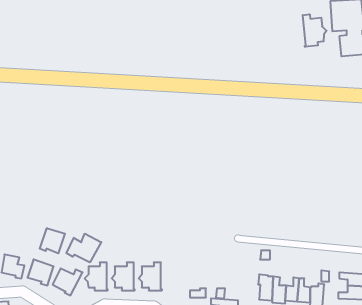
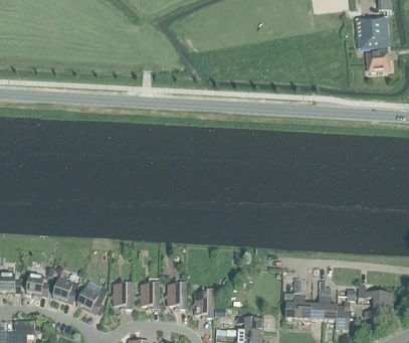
building: [303,14,327,47] -> none
building: [40,228,65,253] -> none
building: [66,234,101,262] -> none
building: none -> [191,288,213,318]

